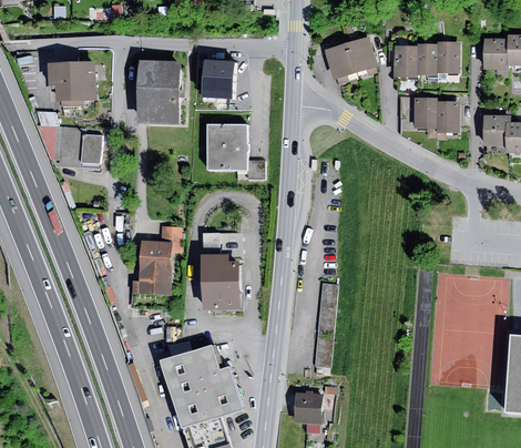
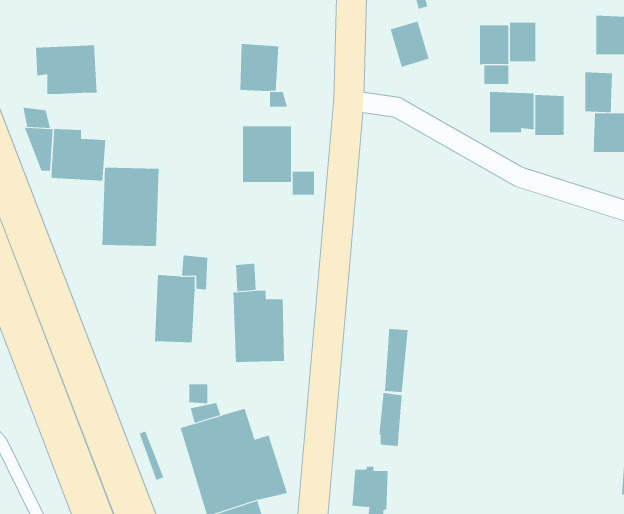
building: [346,35,377,72] -> none
building: [438,41,460,73] -> [584,72,613,113]
building: [136,60,182,122] -> [101,167,160,247]

